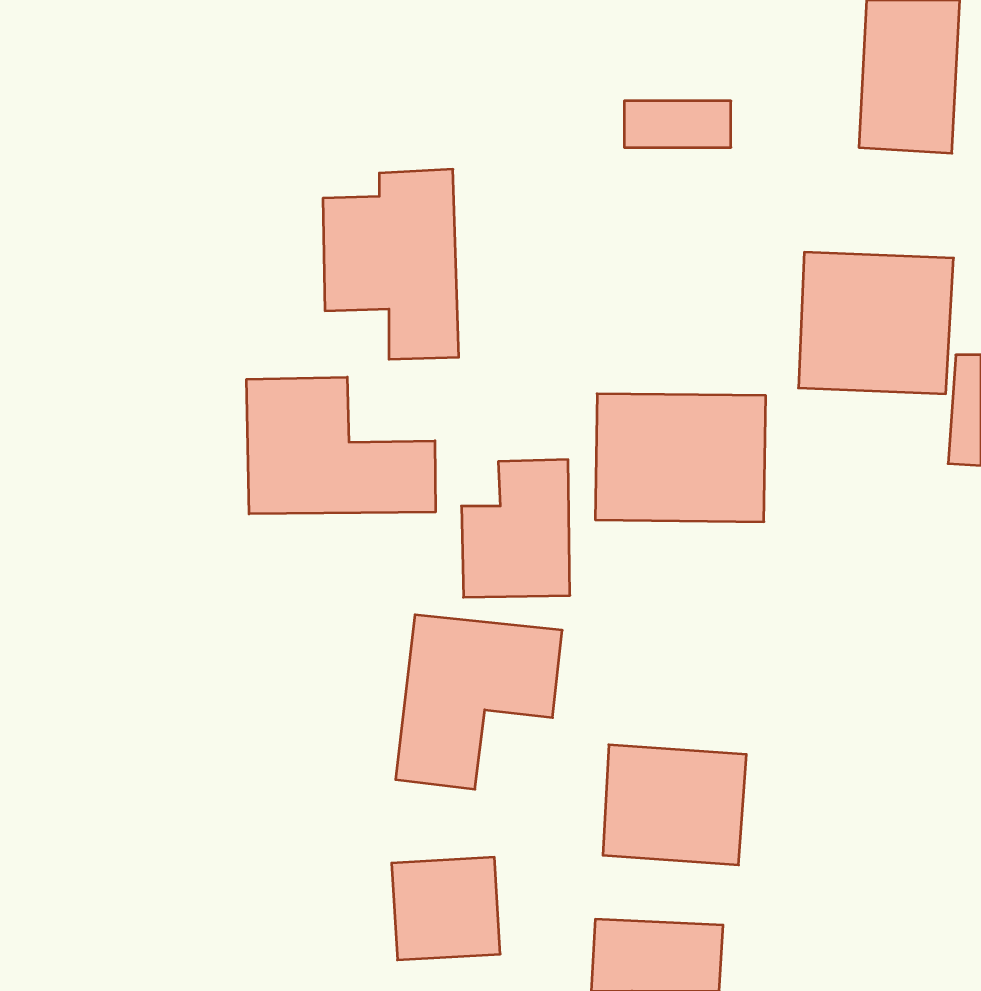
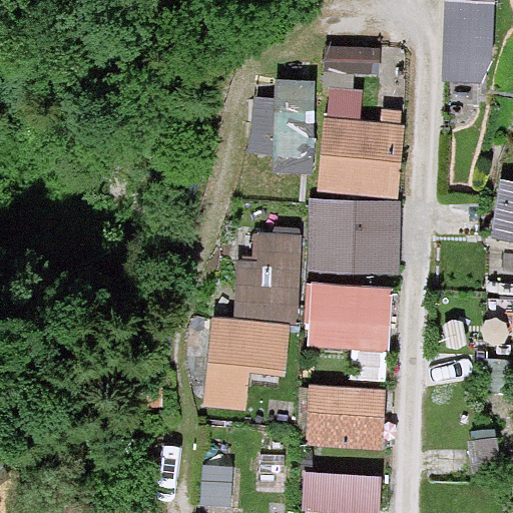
building: [323,169,459,359] -> [243,80,314,178]
building: [798,252,954,394] -> [322,120,402,193]
building: [247,377,435,514] -> none
building: none -> [308,288,389,349]

